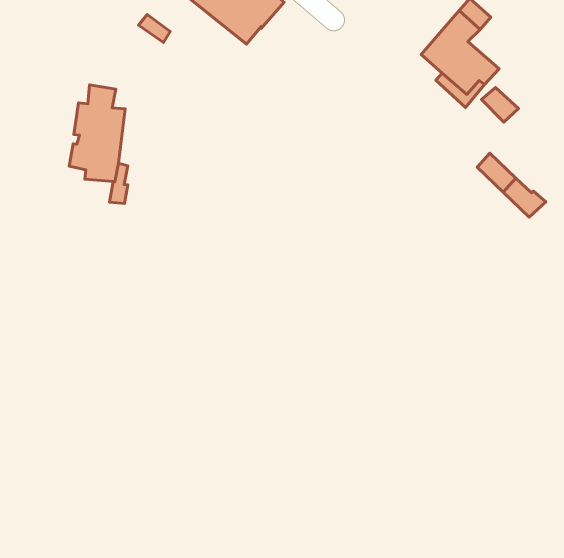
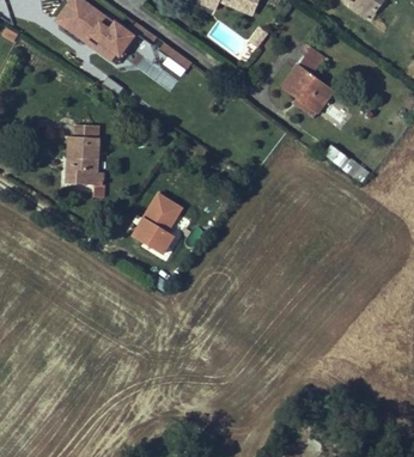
building: none -> [129,190,183,255]

